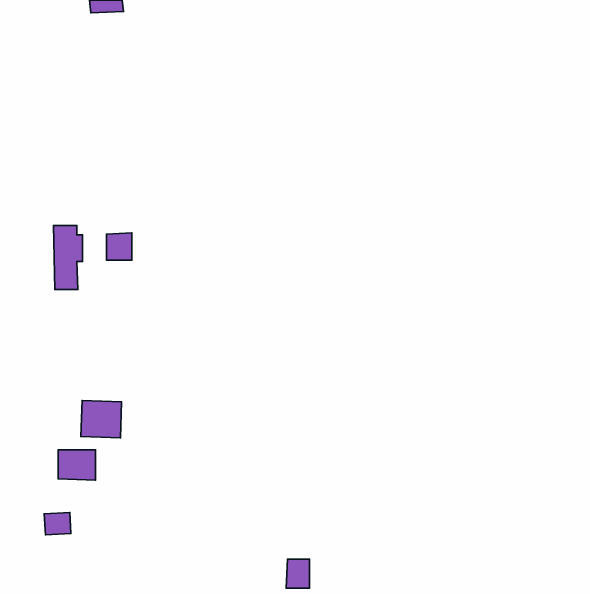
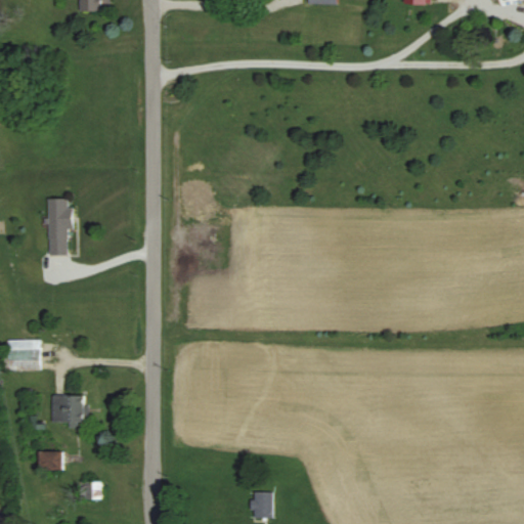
building: [107,233,132,260] -> none
building: [81,401,122,438] -> [4,339,40,372]

